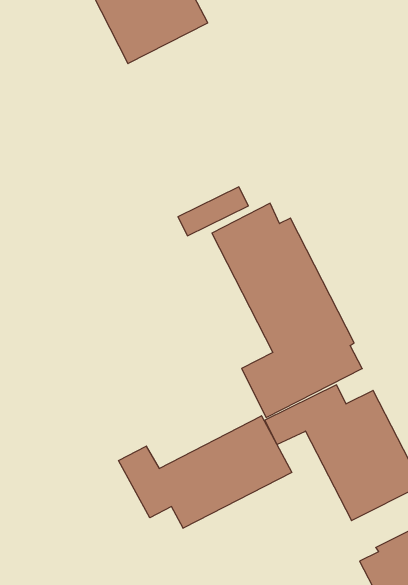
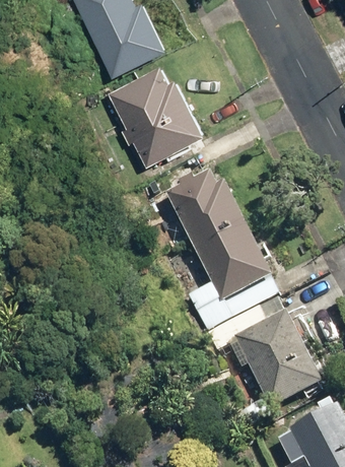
building: none -> [107,65,203,165]
building: [119,416,292,528] -> none

